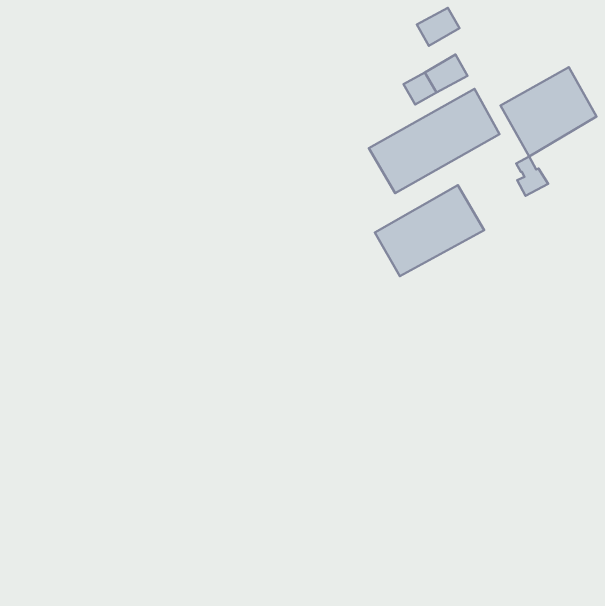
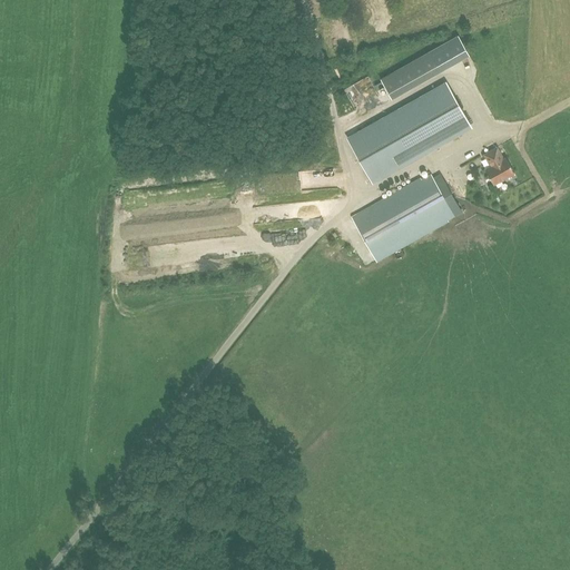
building: [417,8,460,46] -> [428,36,468,71]
building: [501,67,597,157] -> none

